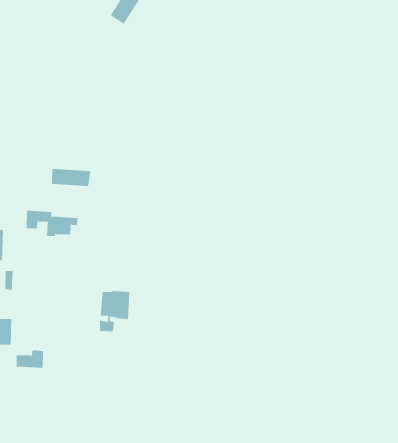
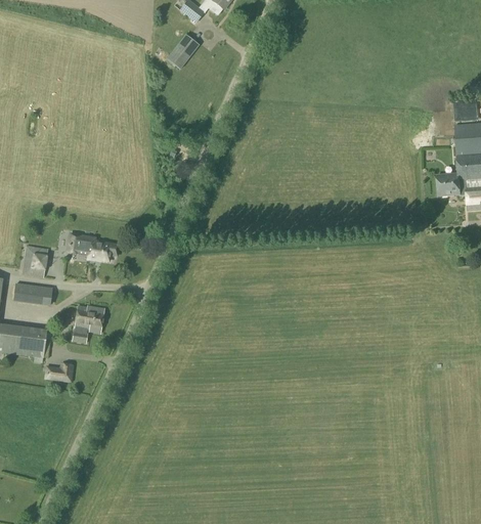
building: [51,168,91,187] -> none
building: [99,291,130,332] -> [72,304,104,343]

